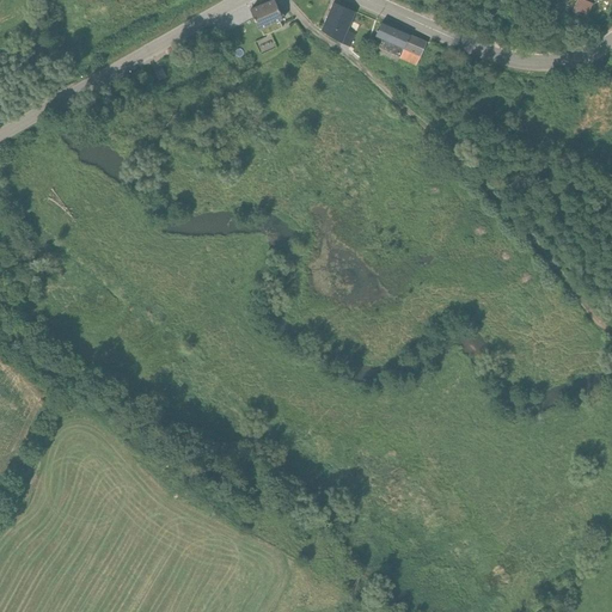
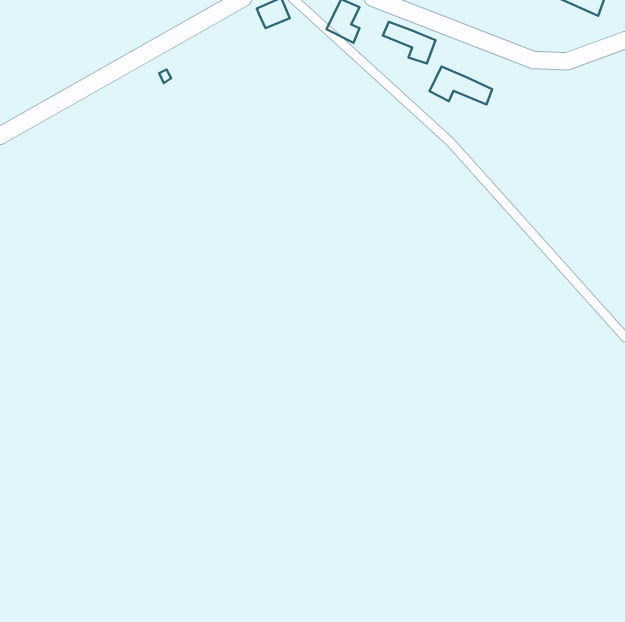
building: none -> [429,66,492,105]

